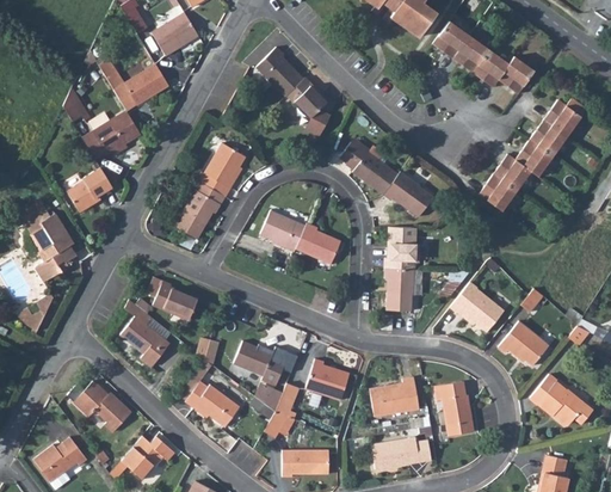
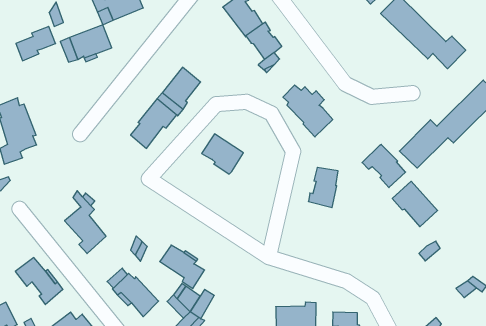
building: [67,166,111,209] -> [16,26,56,61]
building: [383,171,433,217] -> [362,144,406,188]
building: [297,222,341,264] -> none
building: [387,267,415,310] -> none
building: [146,276,199,320] -> none
building: [451,283,504,332] -> [392,181,438,227]
building: [499,321,550,364] -> none
building: [307,359,348,400] -> none

